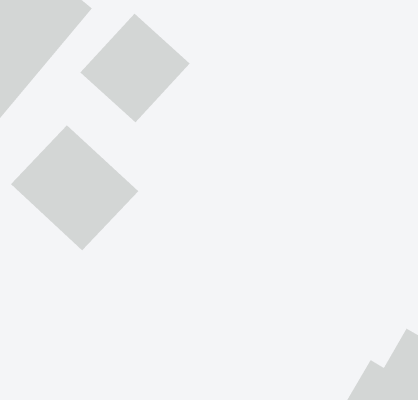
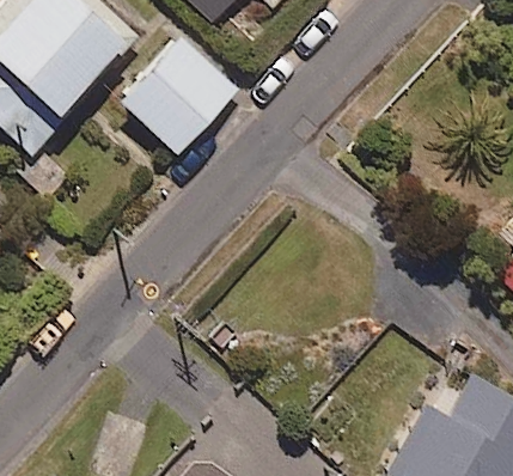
building: [10,124,139,251] -> none

